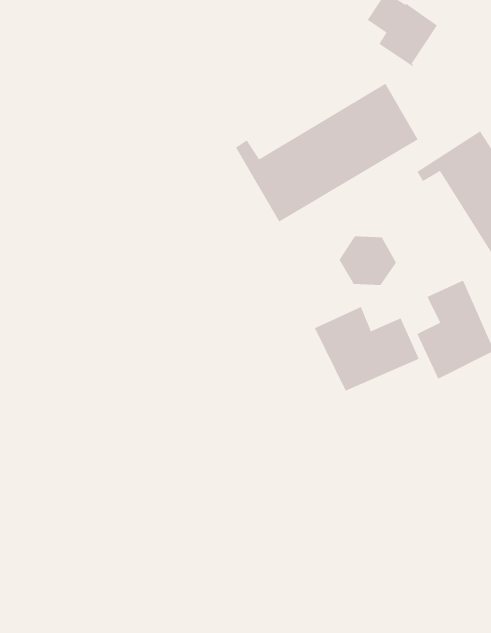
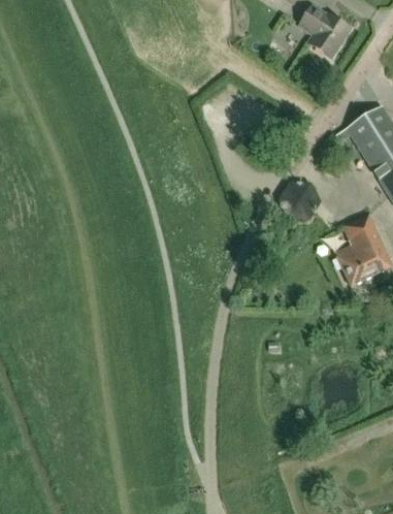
building: [235,83,419,222] -> none
building: [314,306,420,392] -> none

